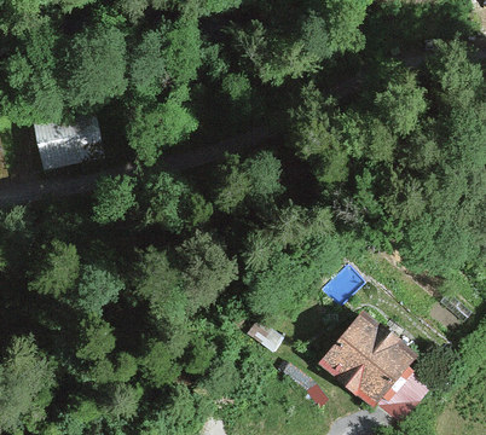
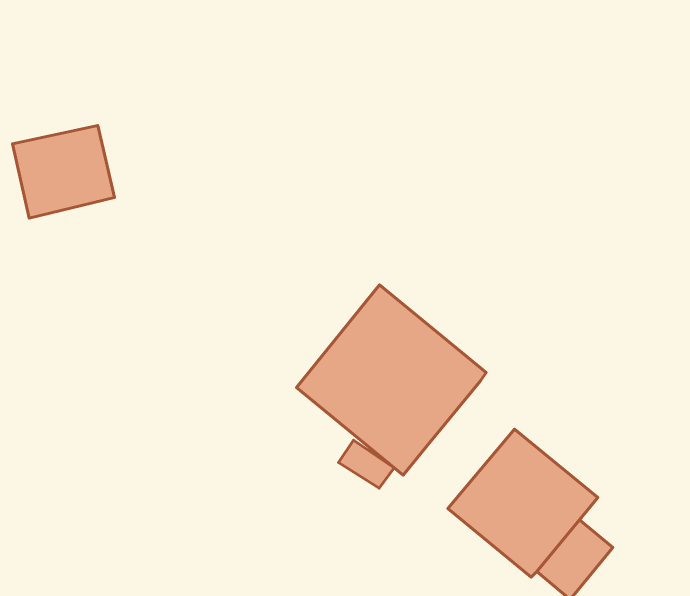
building: none -> [296,285,486,475]

